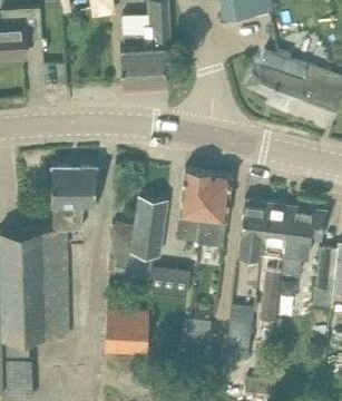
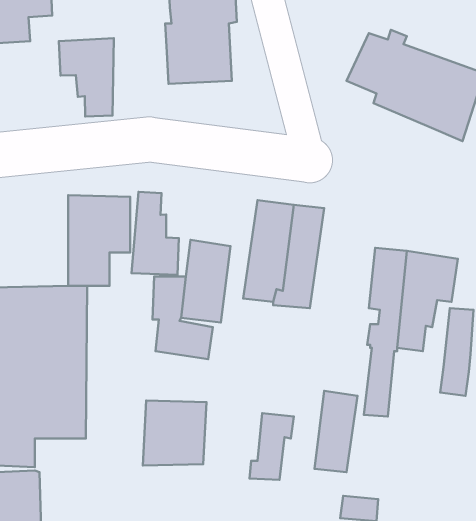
building: none -> [59,38,114,116]
building: none -> [131,192,179,275]
building: [237,200,267,257] -> none
building: [152,266,190,299] -> none

